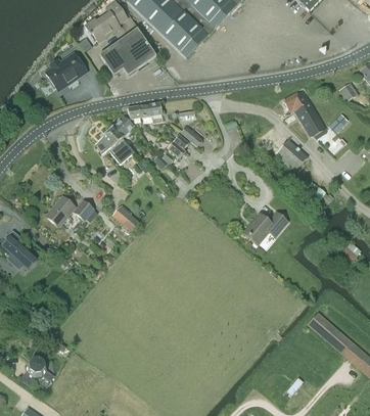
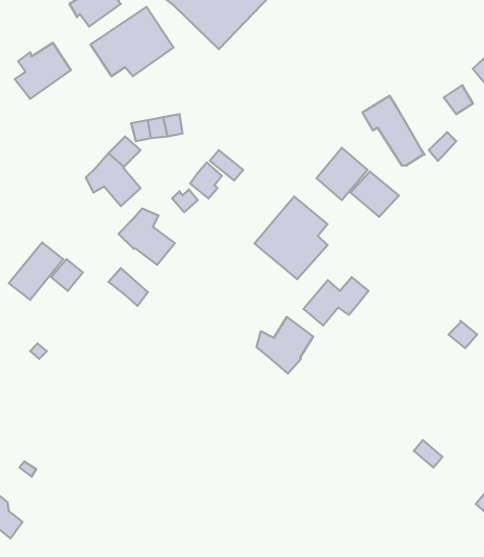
building: none -> [316,148,367,200]
building: none -> [255,197,327,279]
building: none -> [119,208,175,265]
building: none -> [257,317,313,374]

